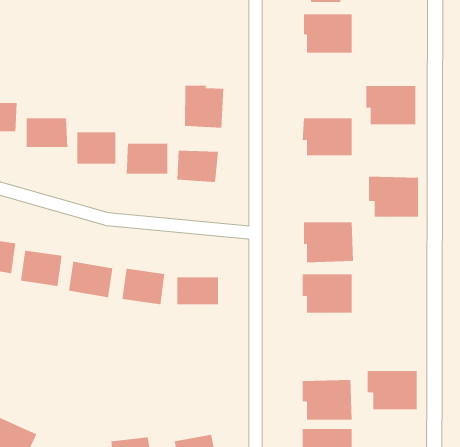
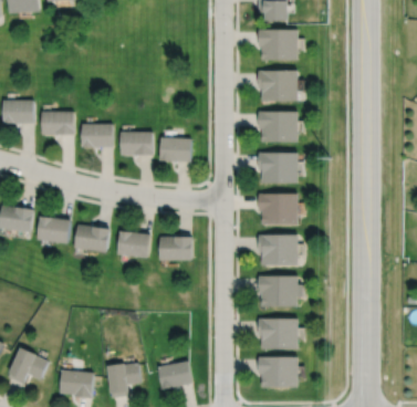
building: [184,85,224,129] -> none
building: [366,86,416,125] -> [258,70,298,101]
building: [368,176,419,217] -> [258,152,298,184]
building: [367,370,417,410] -> [258,275,298,306]

